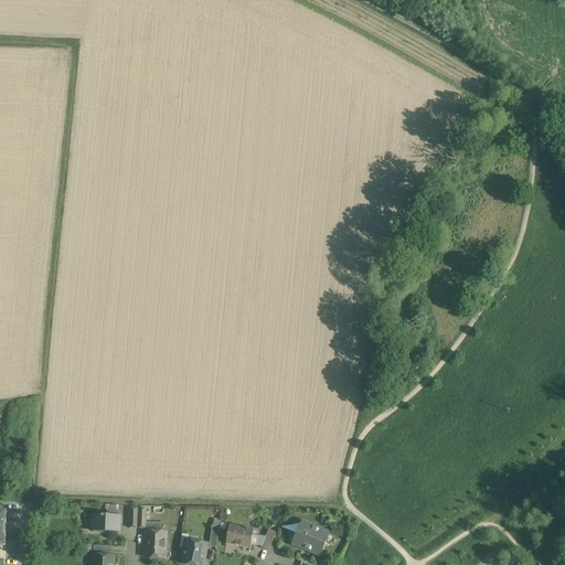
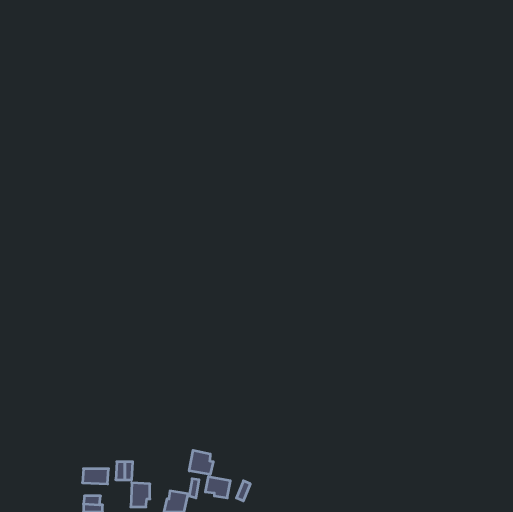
building: none -> [189,450,213,474]
building: [288,523,330,554] -> none

